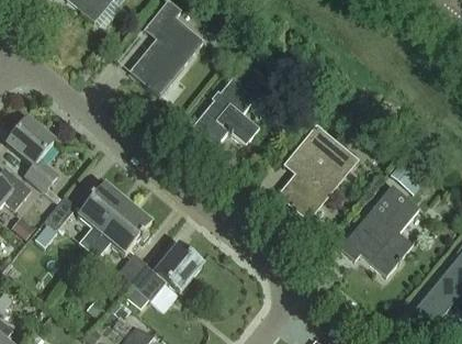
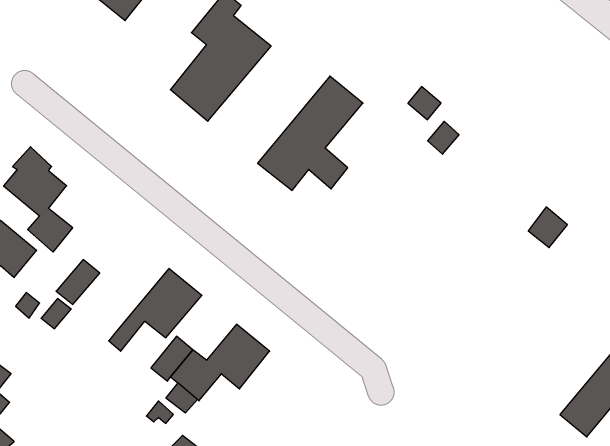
building: [277,124,359,220] -> none
building: [78,182,127,249] -> none
building: [338,185,418,275] -> none

